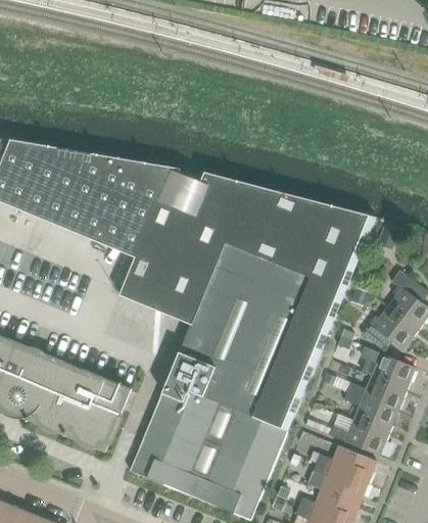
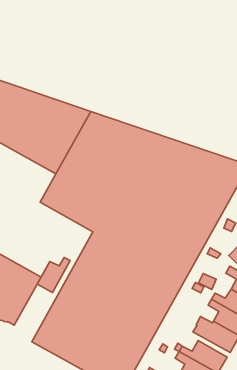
building: none -> [37,257,70,293]

